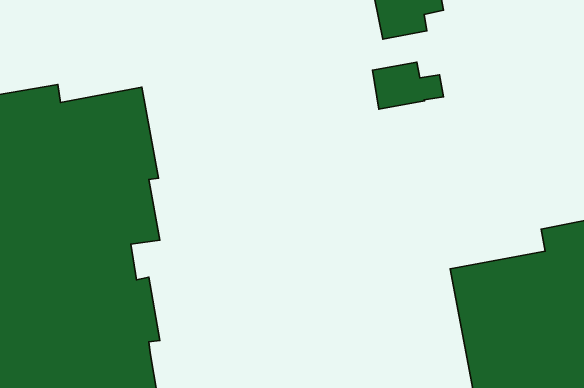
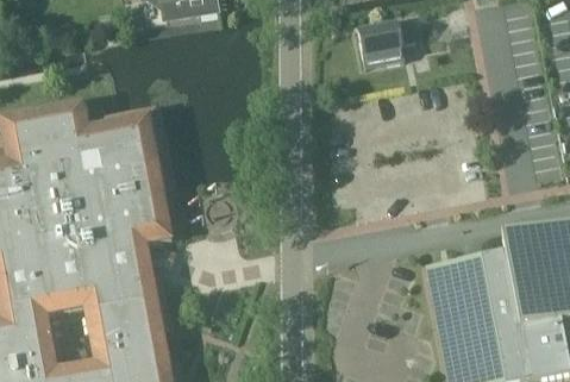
building: [373,62,444,109] -> none

